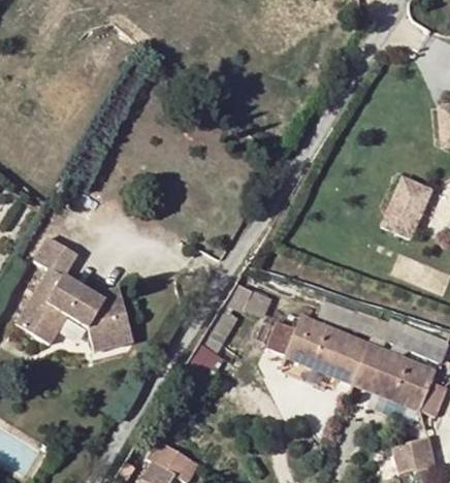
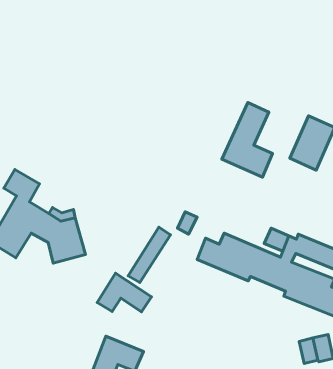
building: none -> [222,103,272,177]
building: none -> [97,273,151,312]

